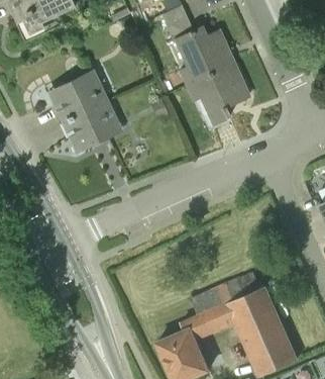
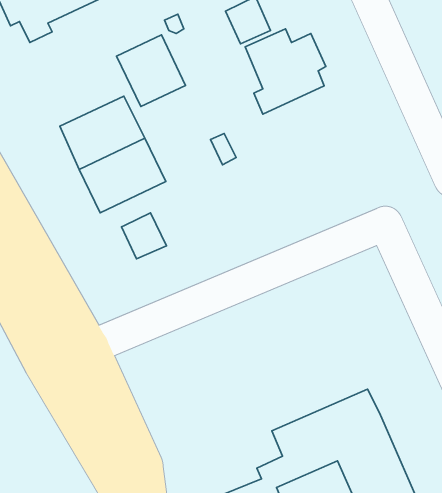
building: none -> [117,35,185,107]
building: [186,63,248,123] -> none
building: none -> [121,213,167,259]

